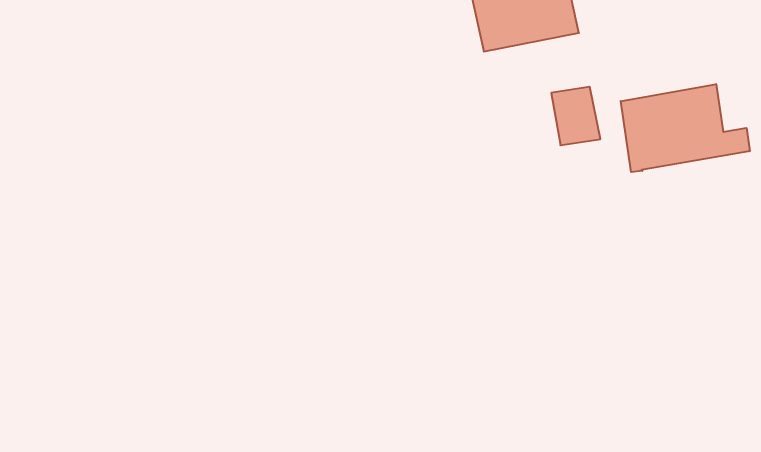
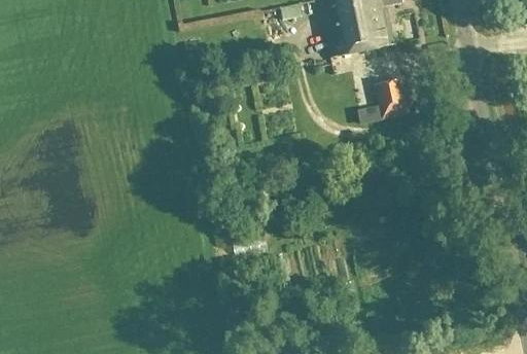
building: [621,84,750,172] -> none

